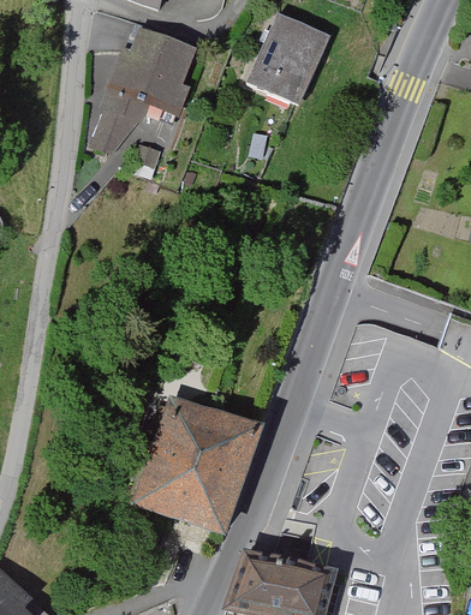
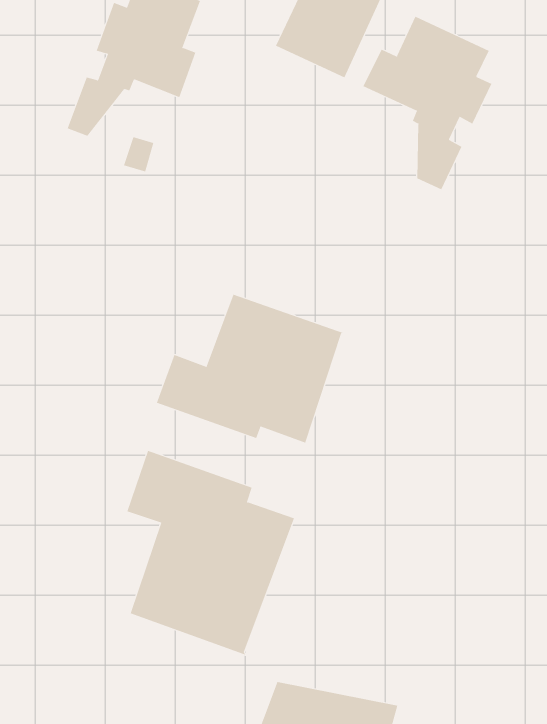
building: none -> [363,16,492,190]
building: none -> [156,294,345,443]

